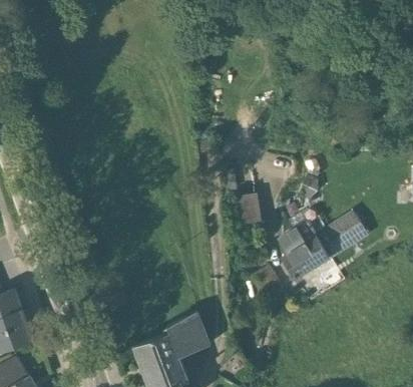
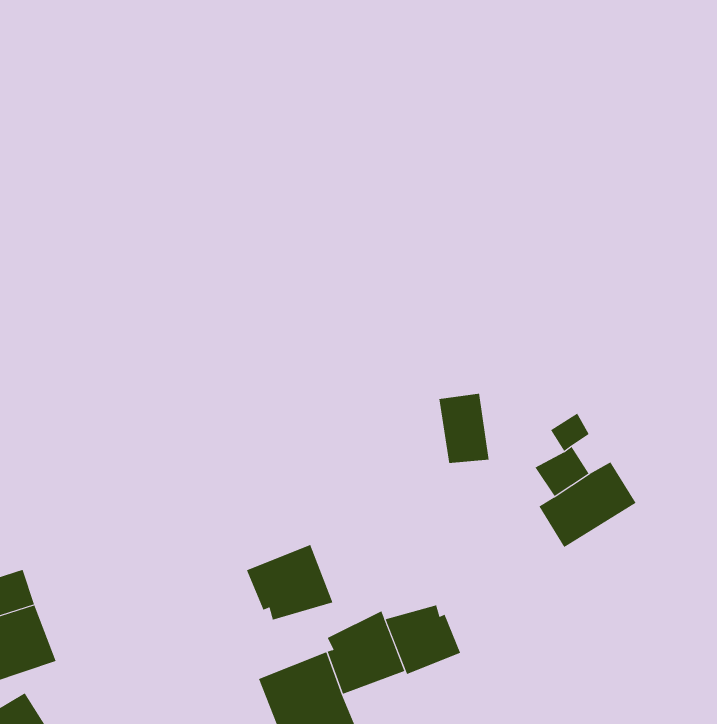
building: [316,214,365,258] -> none
building: none -> [246,544,333,620]
building: none -> [385,604,461,675]

